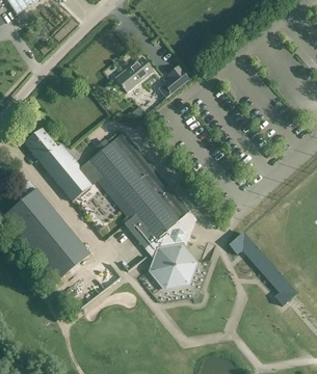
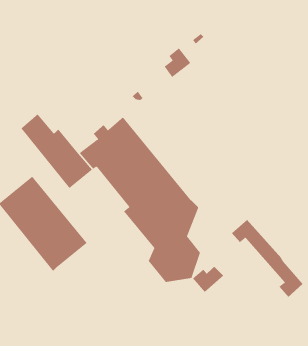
building: [114,56,152,91] -> none
building: none -> [192,265,224,293]

